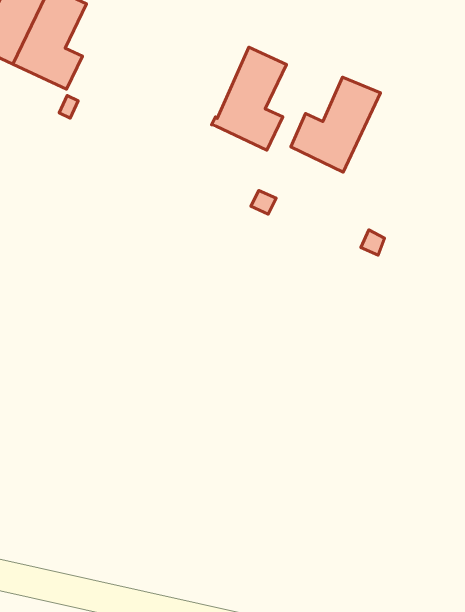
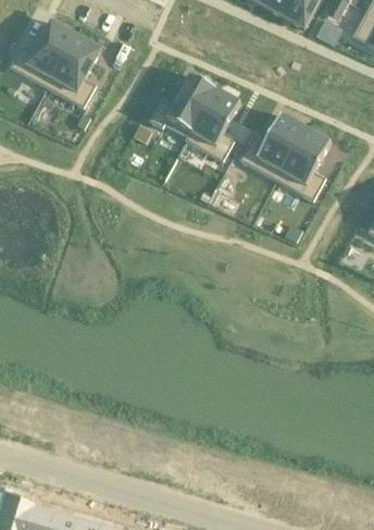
building: none -> [147,71,213,134]
building: none -> [274,124,329,198]

